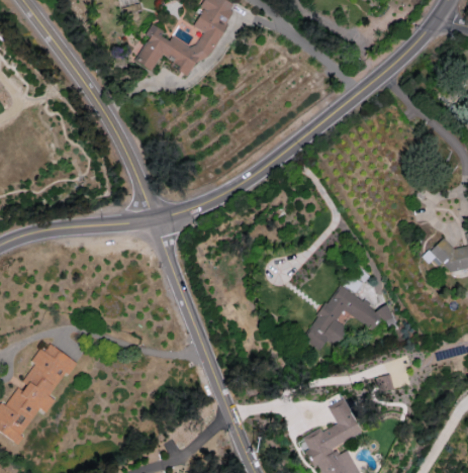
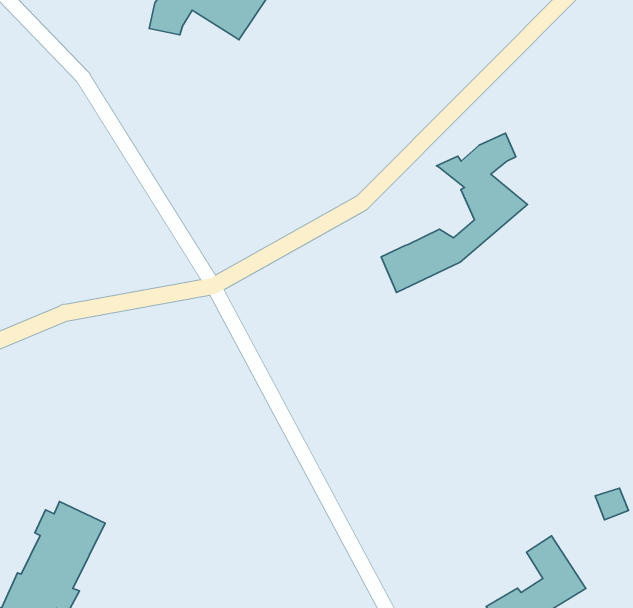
building: none -> [381,133,528,292]
building: [304,286,397,351] -> none

